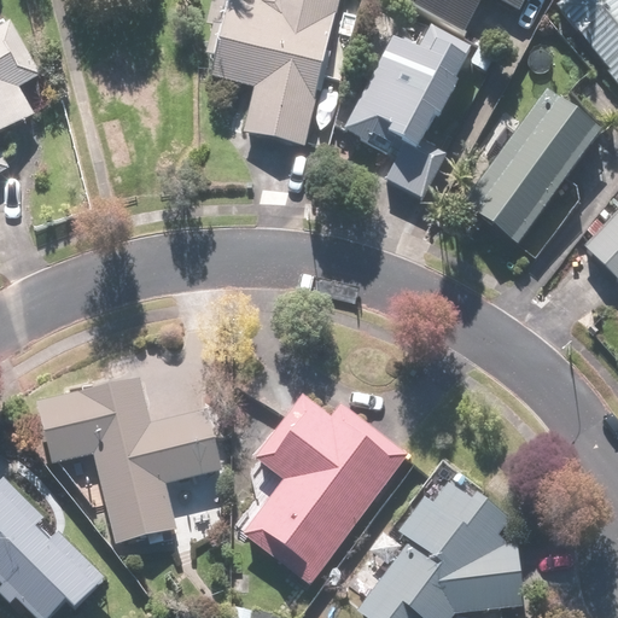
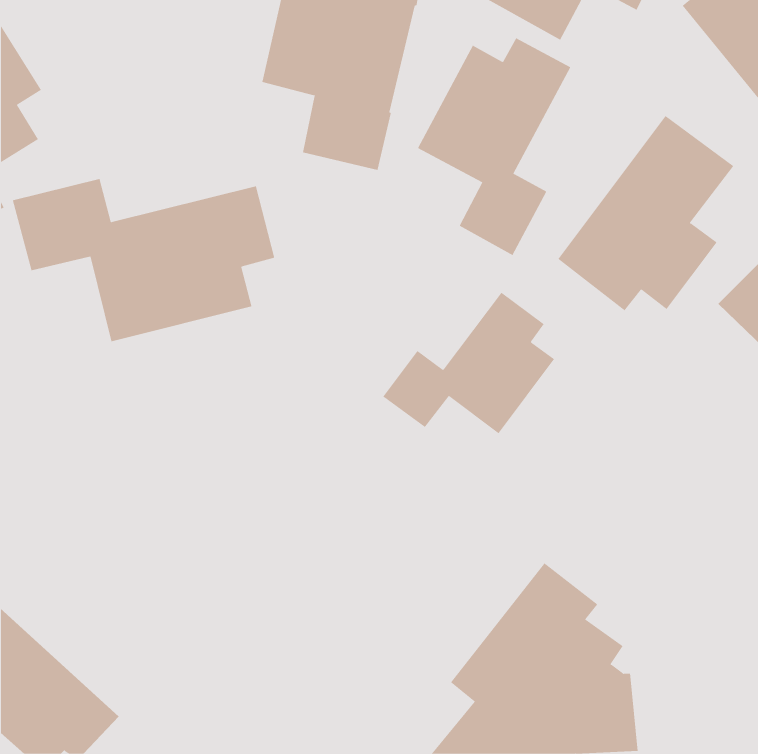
building: none -> [12,178,275,342]
building: none -> [382,292,555,434]
building: [33,377,220,544] -> none
building: [245,396,406,579] -> none

